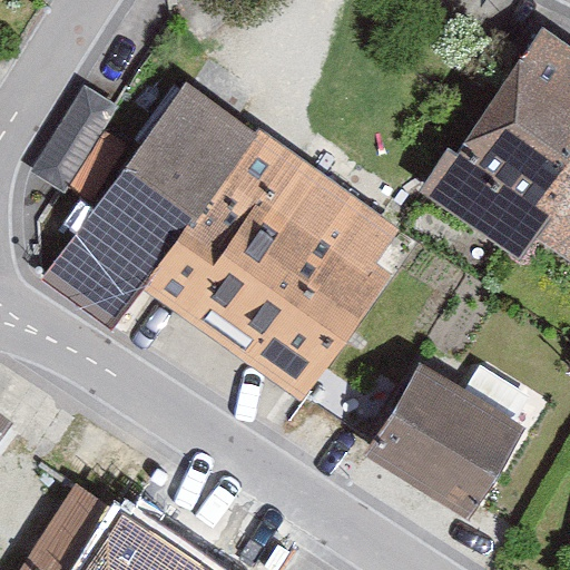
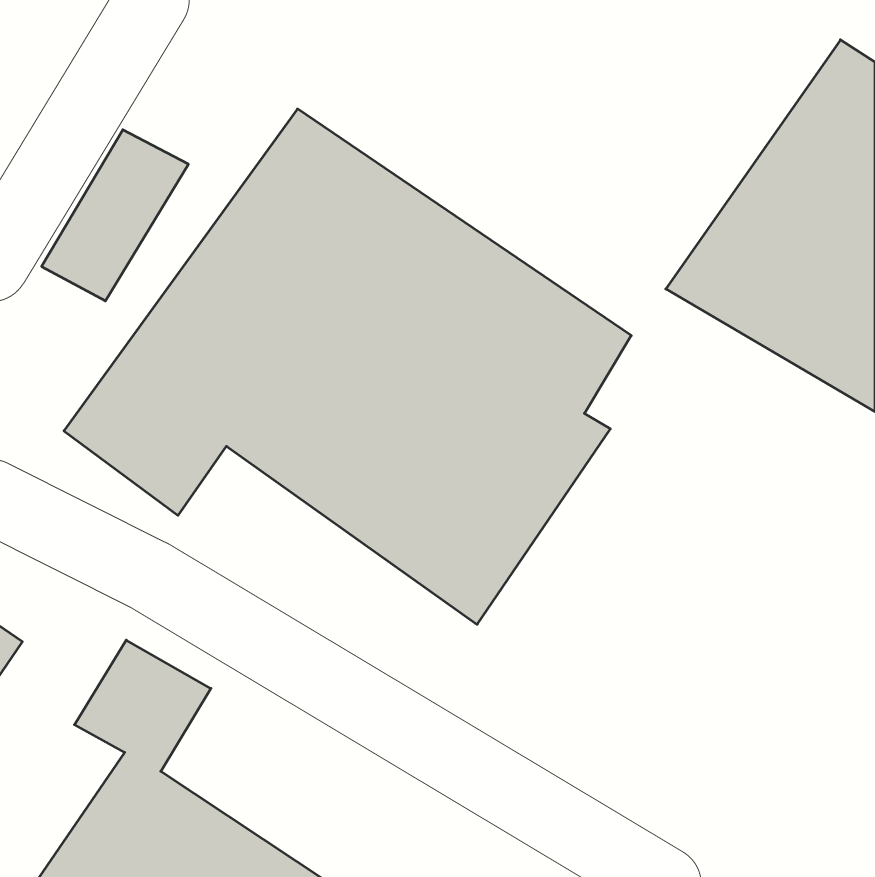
building: [362,360,527,518] -> none

